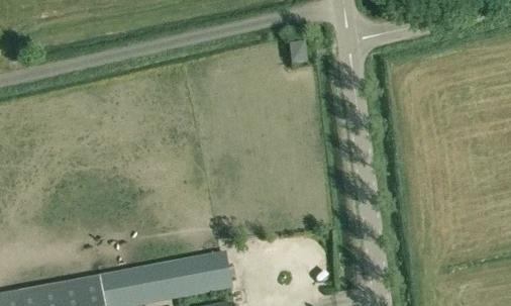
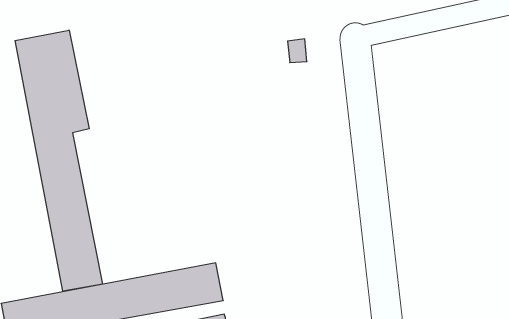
building: none -> [15,30,102,291]

